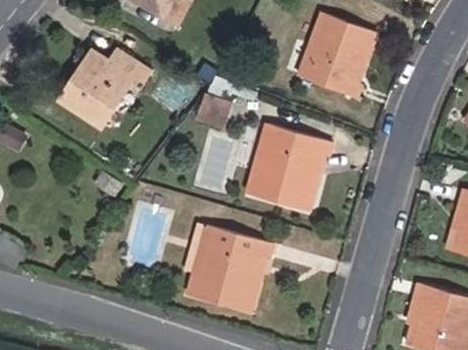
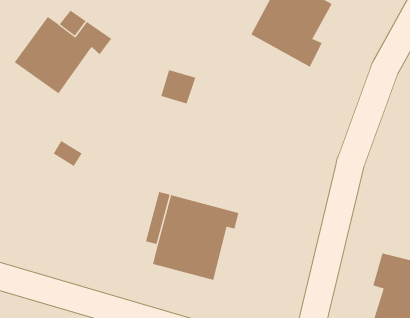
building: [243,125,328,208] -> none

